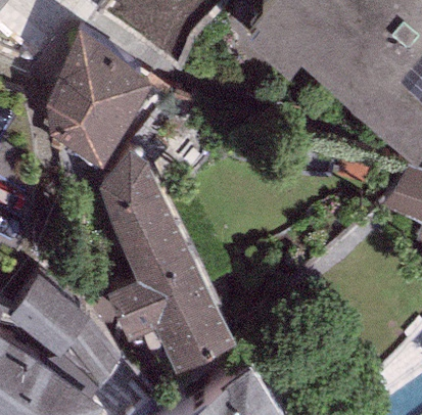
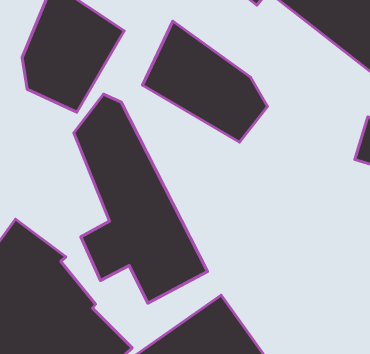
building: none -> [142,21,268,142]

